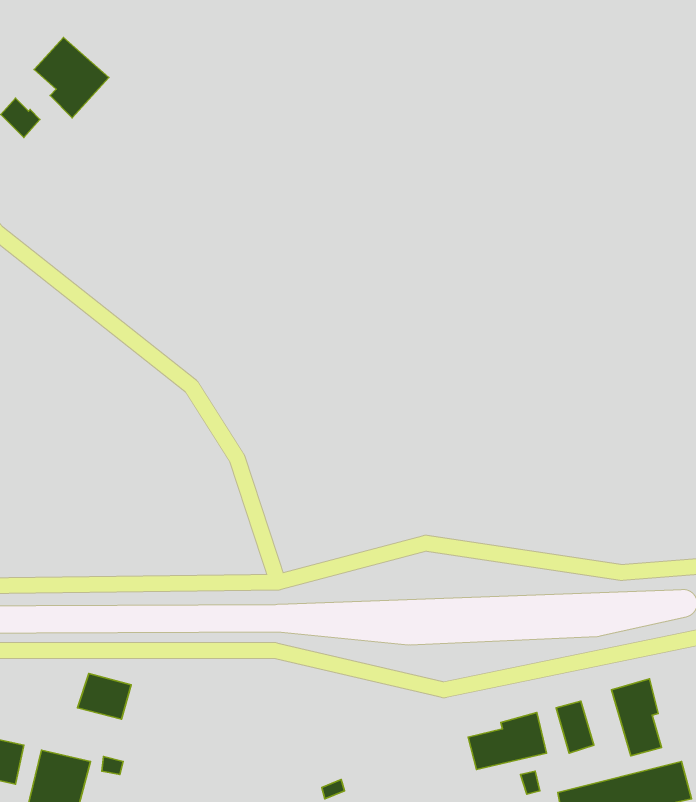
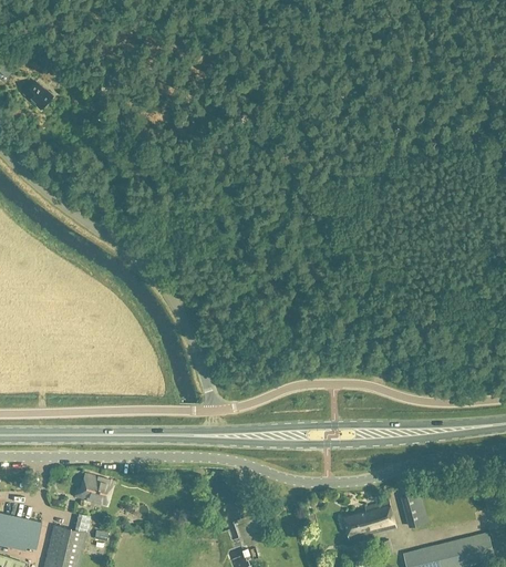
building: [34,37,109,118] -> none
building: [611,679,661,756] -> none

